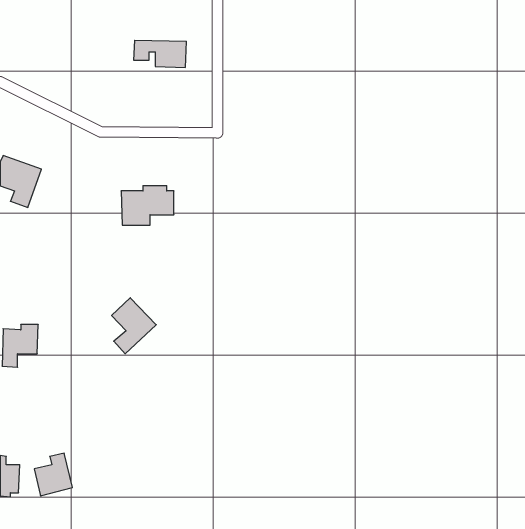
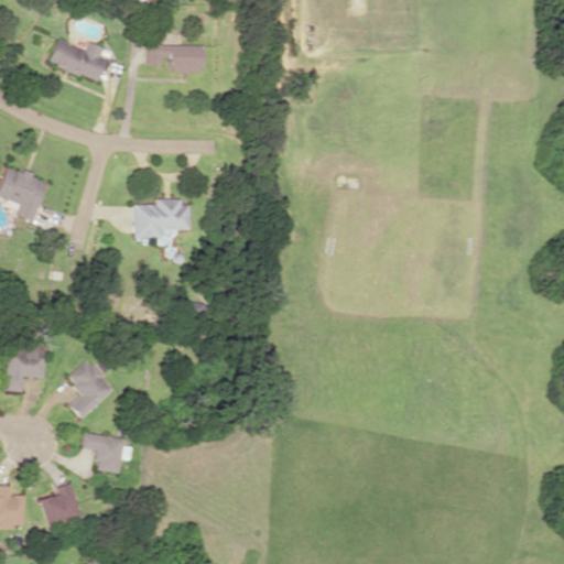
building: none -> [48,39,108,82]
building: [112,298,156,354] -> [67,359,115,419]
building: none -> [83,433,129,471]

